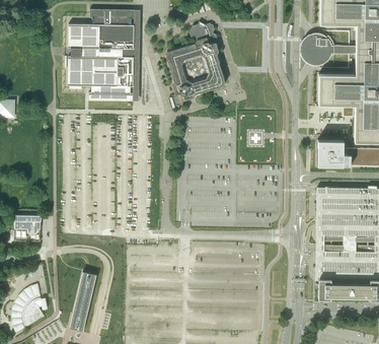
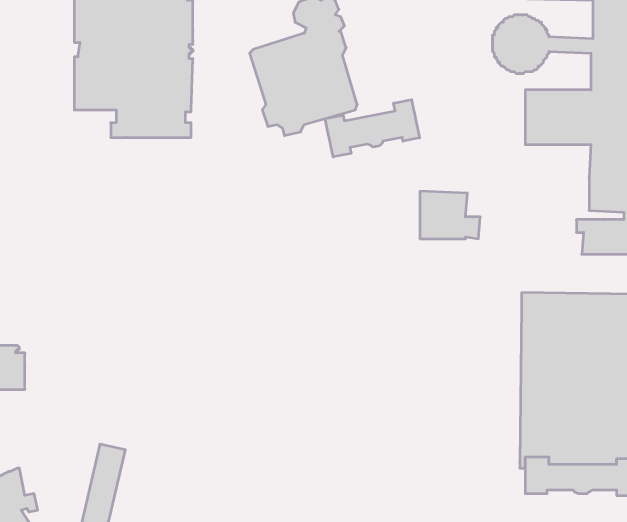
building: none -> [325,100,420,157]
building: [318,139,352,165] -> [420,191,480,239]

